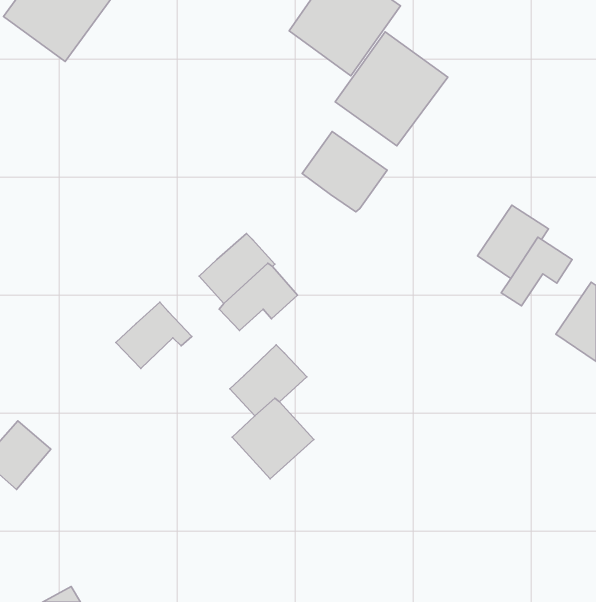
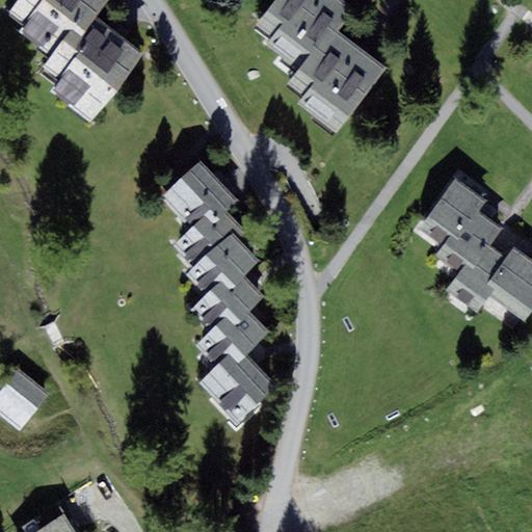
building: none -> [48,17,147,116]
building: [302,132,387,212] -> none
building: none -> [162,161,235,228]
building: none -> [445,240,506,308]
building: [116,302,192,368] -> [192,271,259,329]

